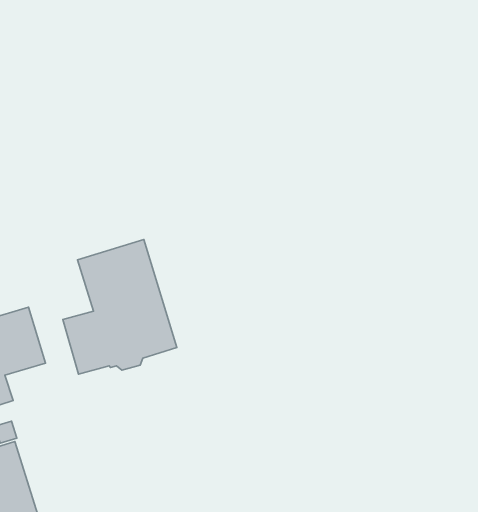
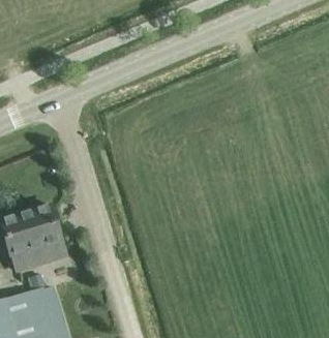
building: [63,240,177,374] -> none

